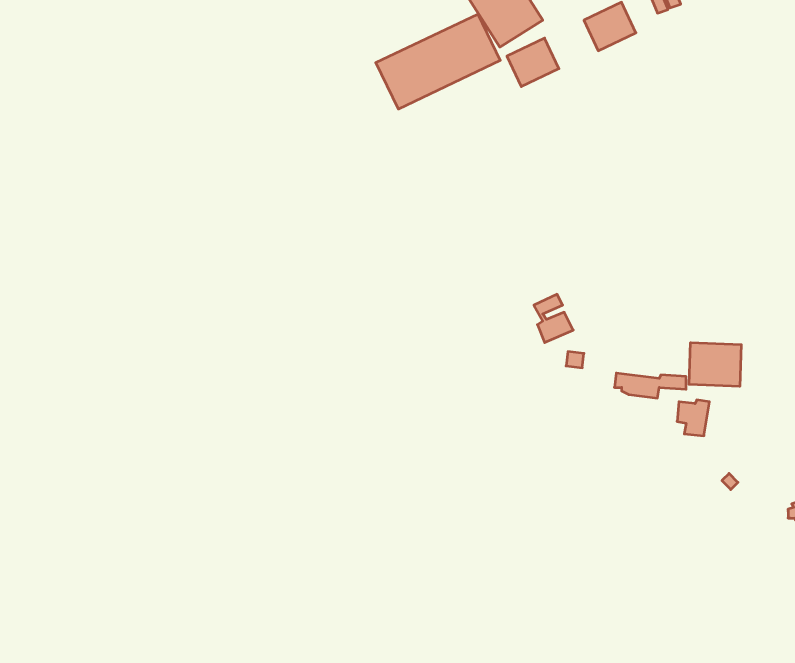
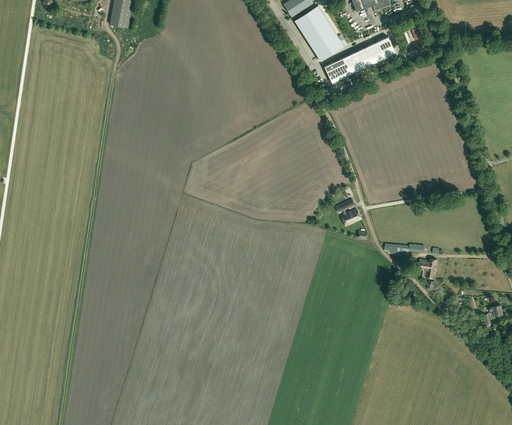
building: [376,14,500,109] -> none
building: none -> [345,46,375,73]
building: [689,343,741,386] -> none

